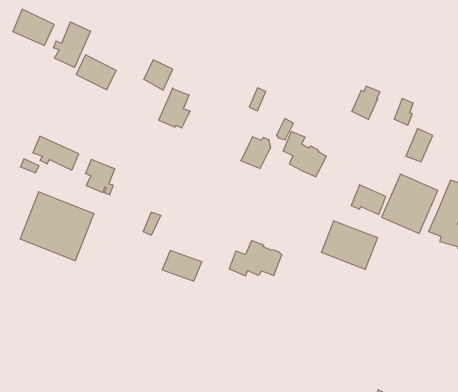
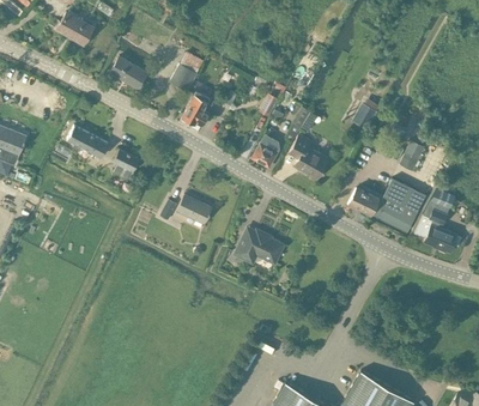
building: [54,22,90,67] -> none
building: [20,192,94,261] -> none
building: [322,221,377,270] -> none
building: [162,250,202,281] -> [176,195,212,224]

